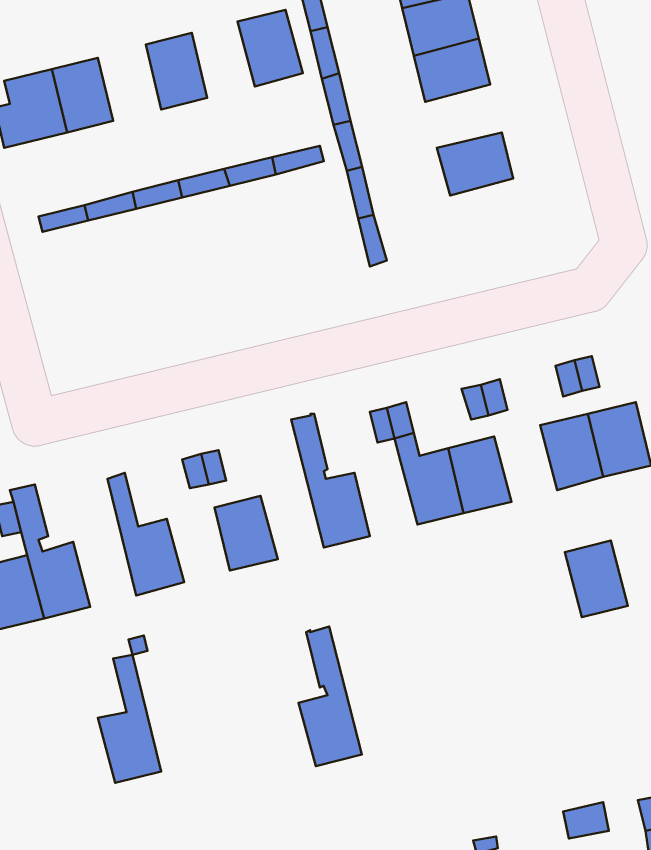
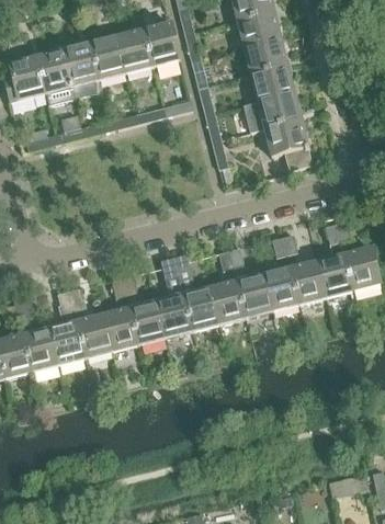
building: none -> [116,29,152,72]
building: none -> [60,38,102,98]
building: none -> [250,65,294,101]
building: none -> [264,118,313,170]
building: none -> [210,281,246,323]
building: none -> [102,307,138,350]
building: [565,541,628,617] -> [290,260,326,304]
building: [299,626,362,766] -> [156,257,192,337]
building: [98,655,161,783] -> [48,291,84,364]

